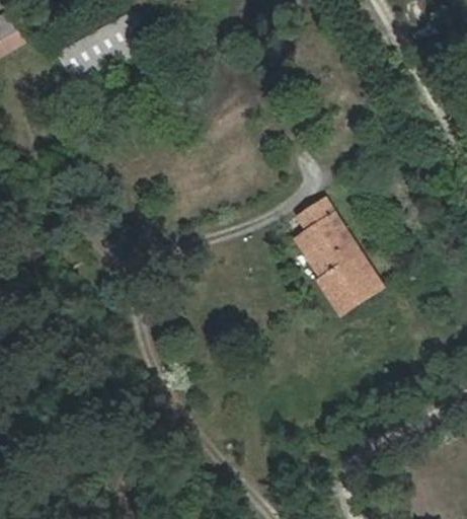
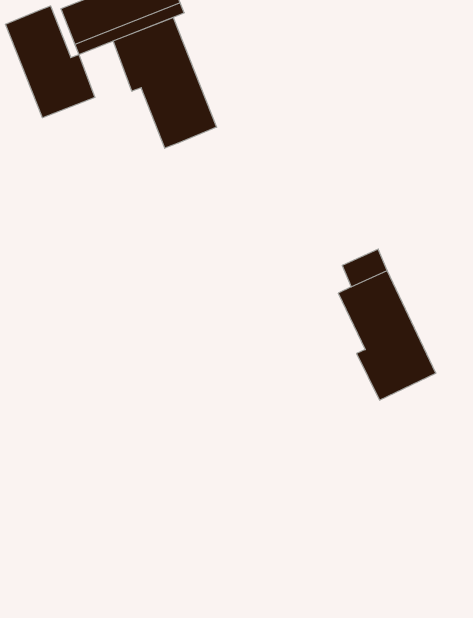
building: none -> [113,17,217,148]
building: none -> [6,6,95,118]

